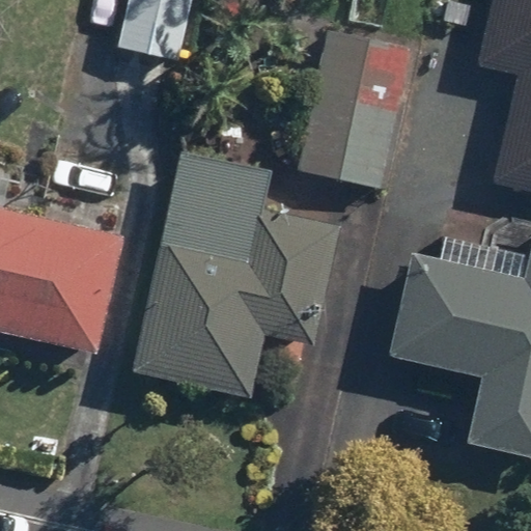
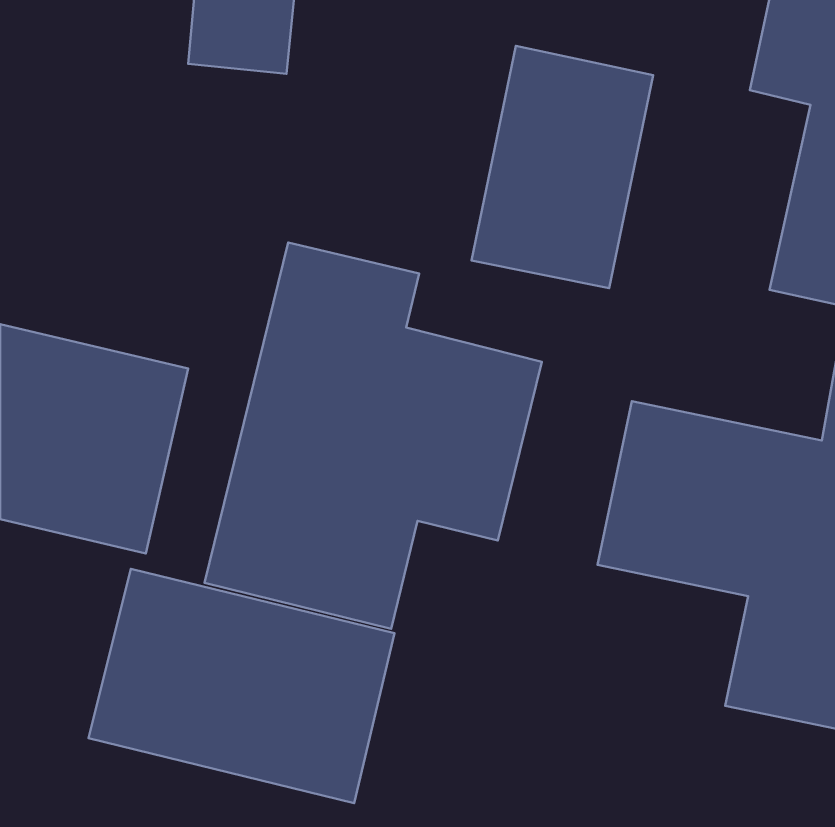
building: none -> [89,569,395,803]

